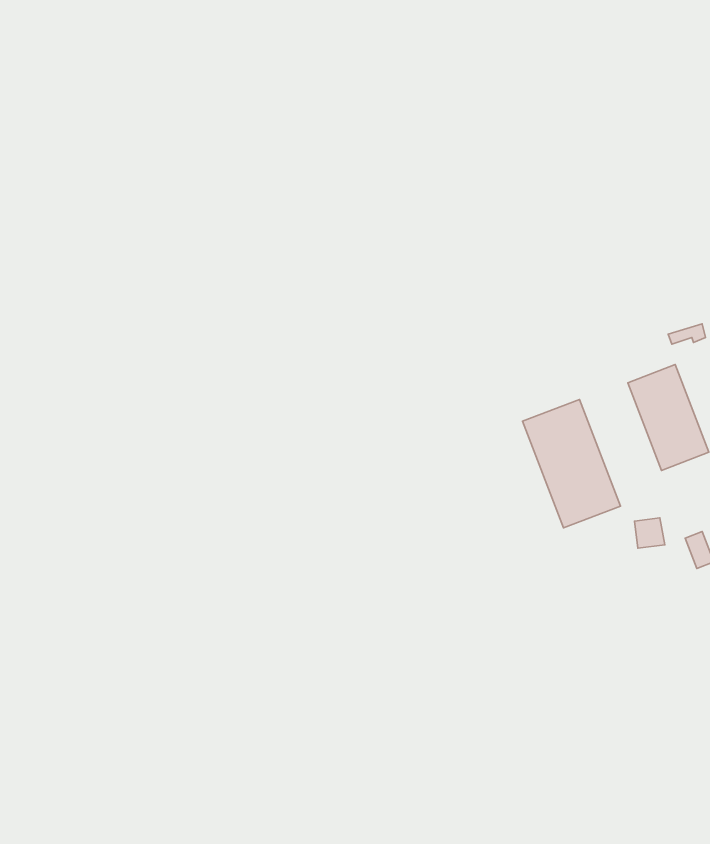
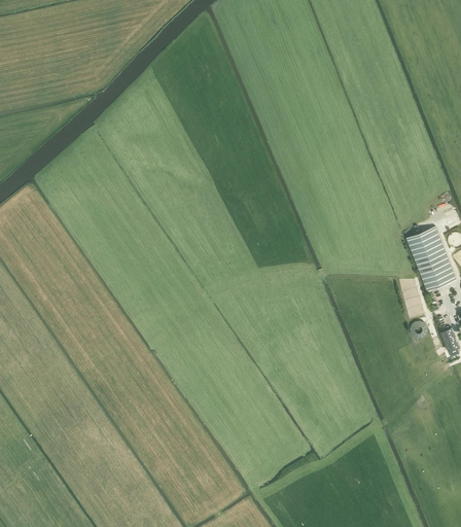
building: [522,400,621,528] -> none

